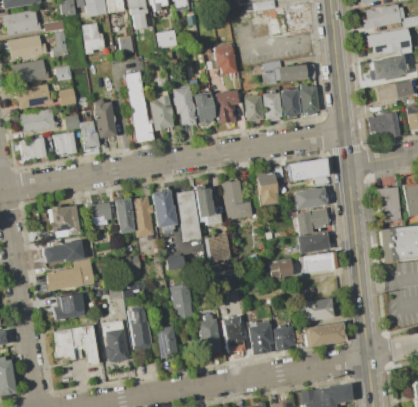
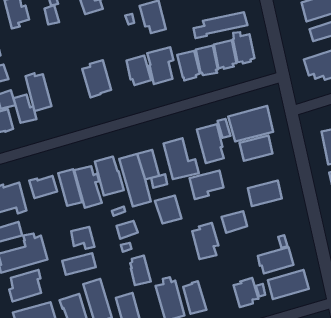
building: [125,72,154,143] -> none
building: [173,86,196,125] -> none
building: [296,209,328,234] -> [190,171,223,199]
building: [304,252,334,272] -> none
building: [249,321,273,355] -> [192,223,218,259]

